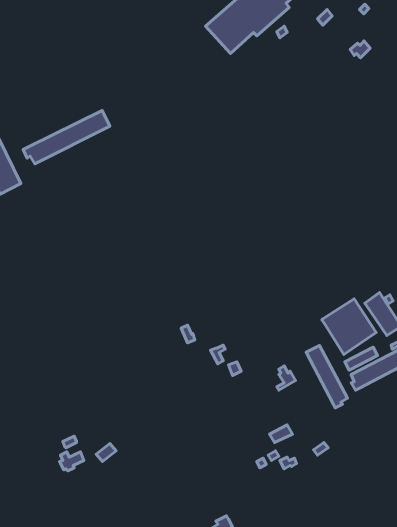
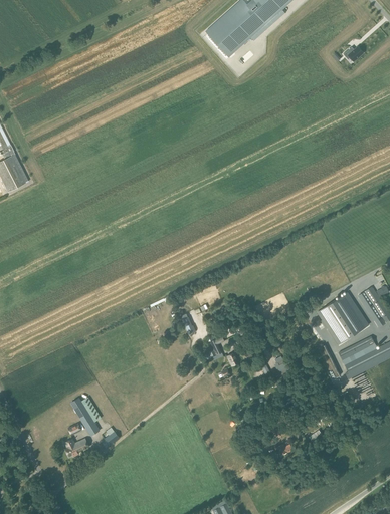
building: [23,111,110,164] -> none
building: [306,345,347,408] -> none
building: none -> [70,397,102,435]

